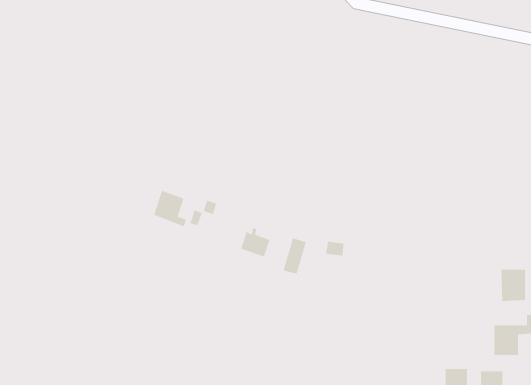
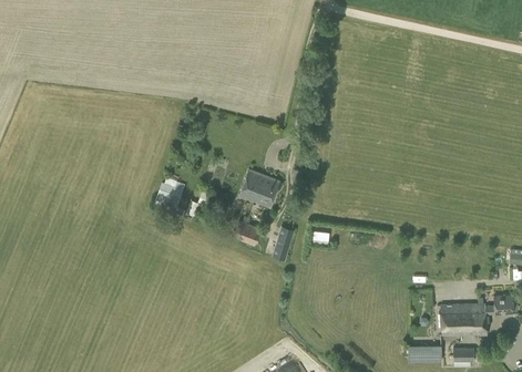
building: none -> [240,169,280,207]
building: [500,269,526,302] -> [442,306,465,335]

